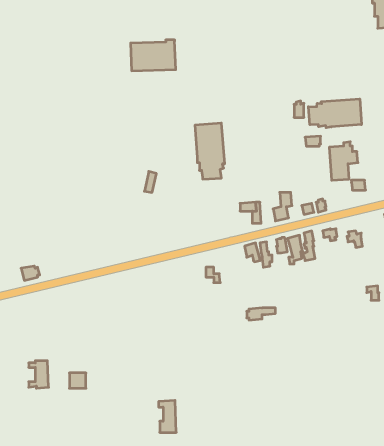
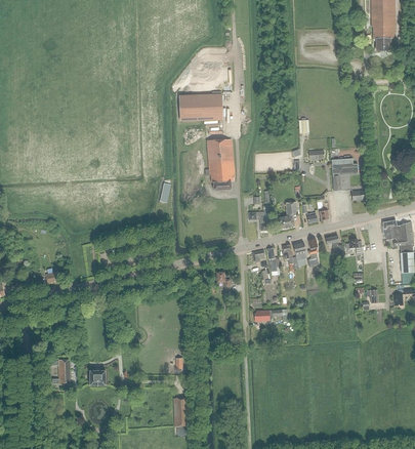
building: [131,40,176,71] -> [178,91,220,120]
building: [308,99,361,128] -> none

